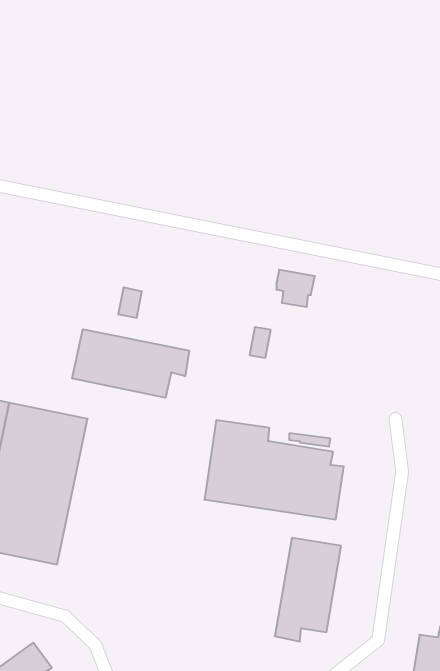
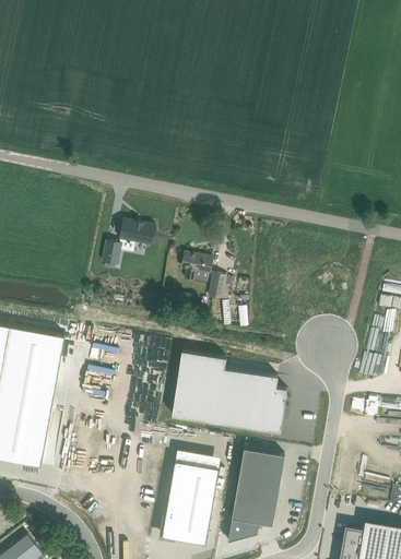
building: none -> [117,221,153,246]
building: [276,270,315,307] -> [181,252,213,283]
building: [72,329,189,398] -> none
building: none -> [161,461,219,544]

